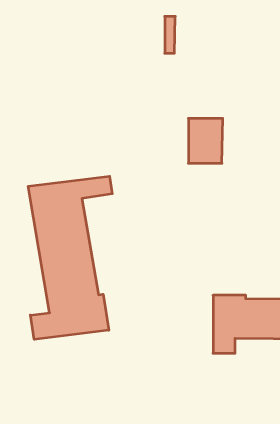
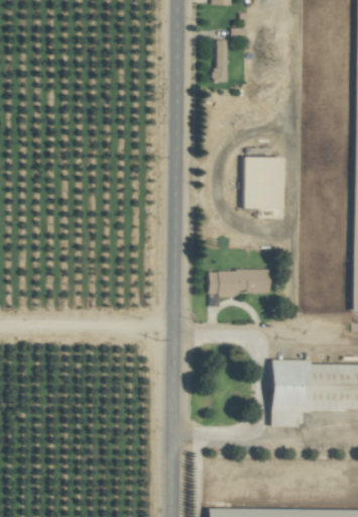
building: [28,176,112,339] -> none
building: none -> [211,271,270,297]

